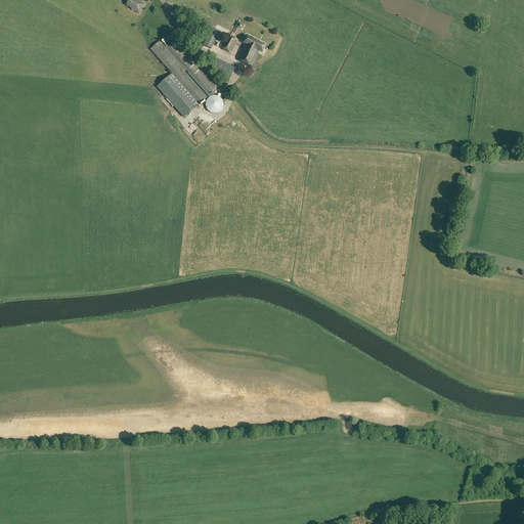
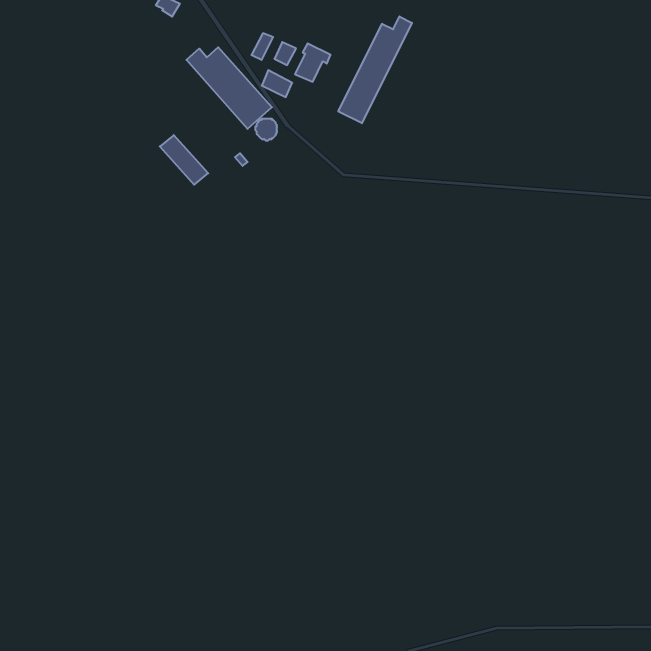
building: none -> [338,16,412,123]
building: [156,77,194,117] -> [160,135,208,185]

